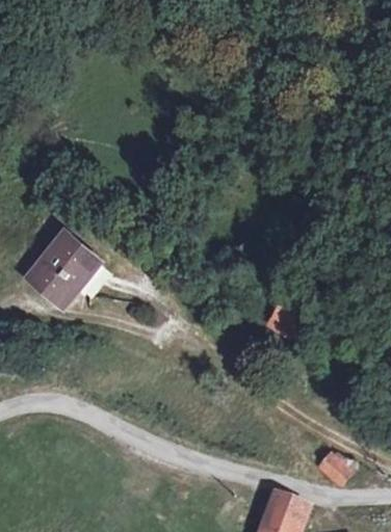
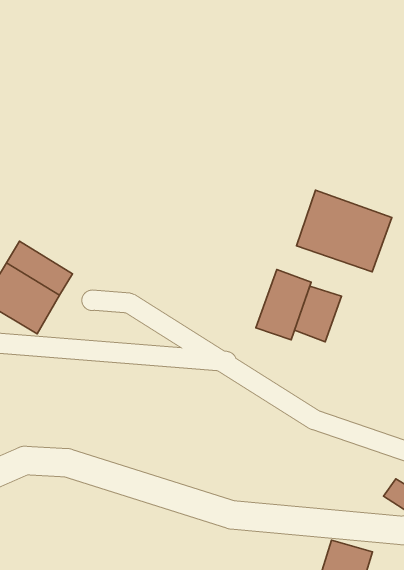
building: none -> [297,190,392,272]
building: none -> [256,270,311,340]

